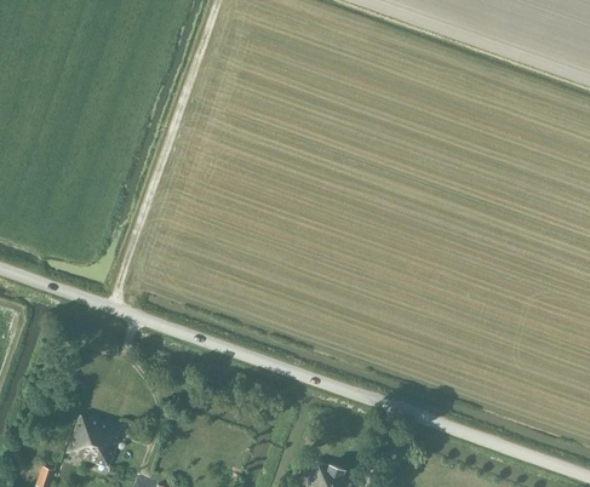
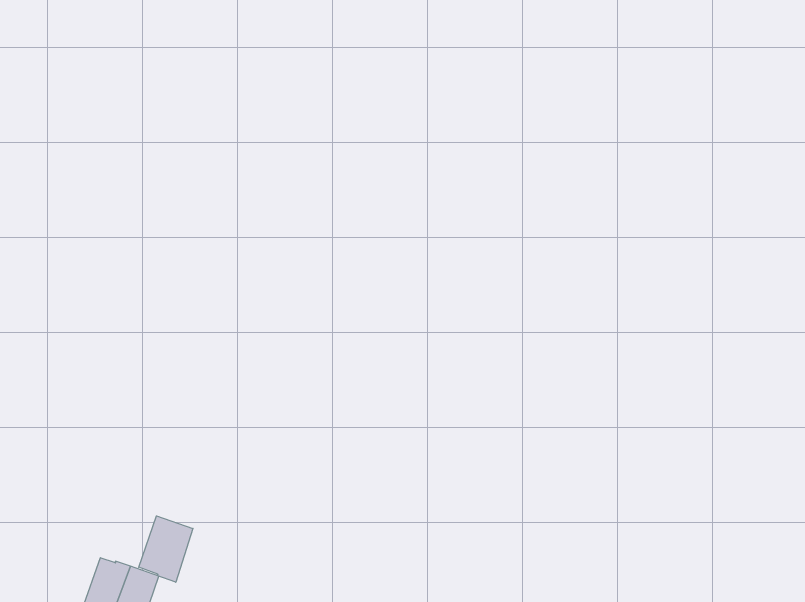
building: none -> [139,516,193,582]

